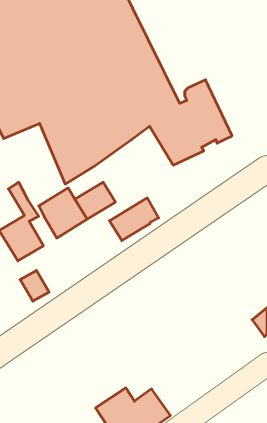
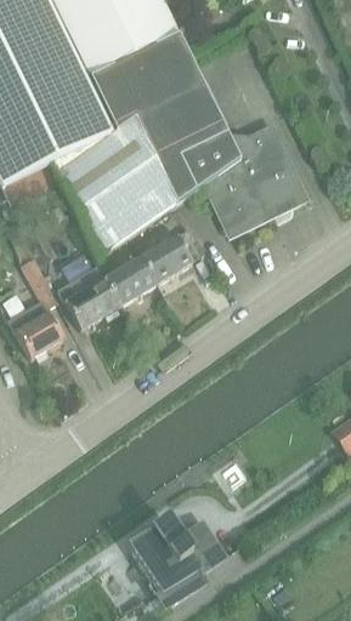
building: [109,198,159,241] -> [140,227,203,281]
building: [20,270,49,301] -> none

